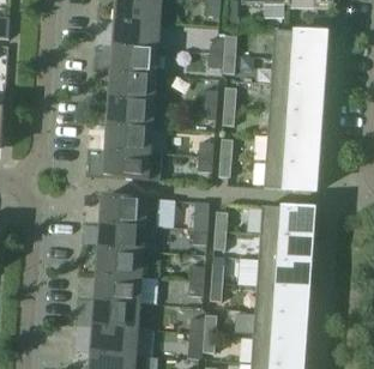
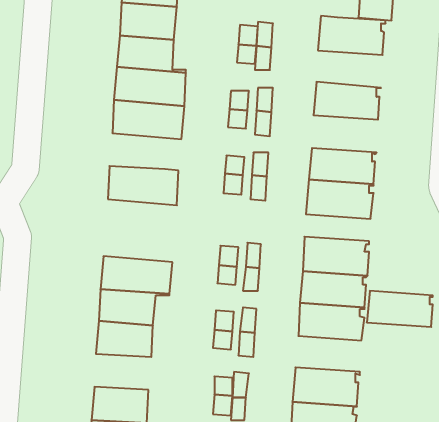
building: [271,56,324,86] -> none
building: [267,108,320,138] -> none
building: [105,122,163,152] -> none
building: [101,194,158,225] -> none
building: [254,284,307,313] -> [367,291,433,327]
building: [93,298,139,327] -> none

